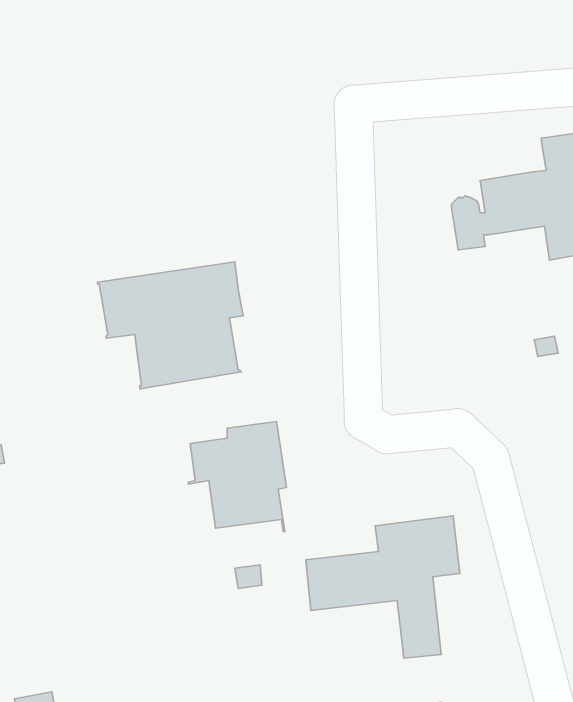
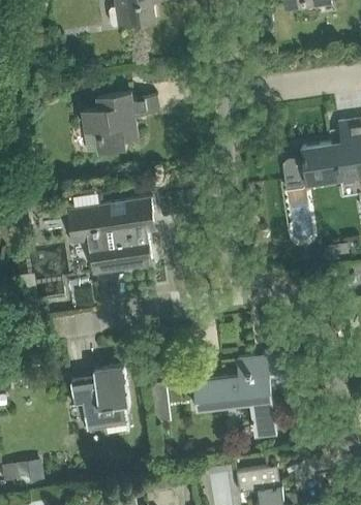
building: none -> [81,92,158,154]
building: [188,421,287,531] -> [68,367,128,434]

